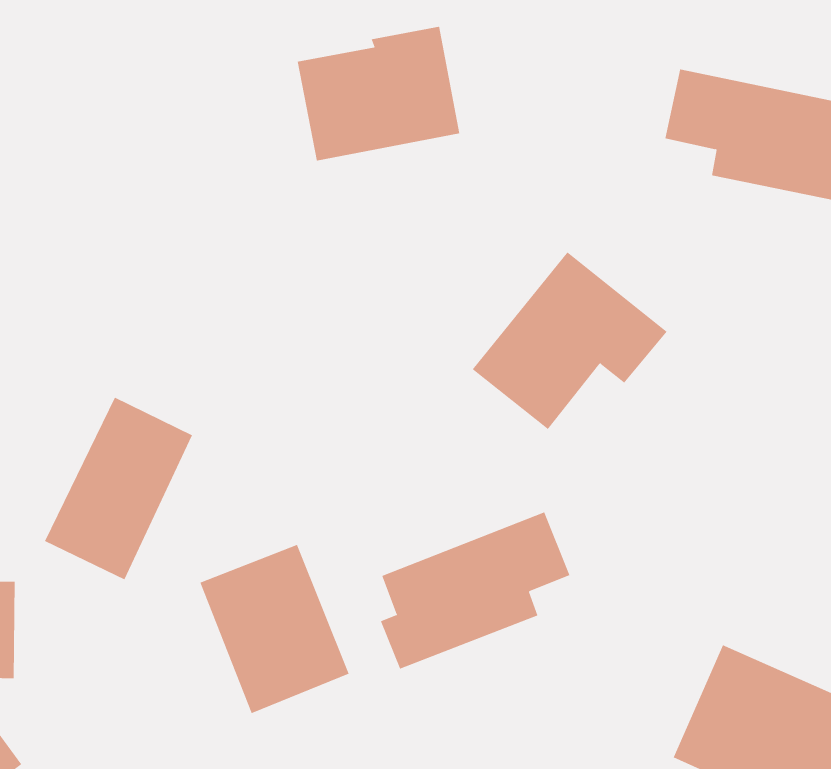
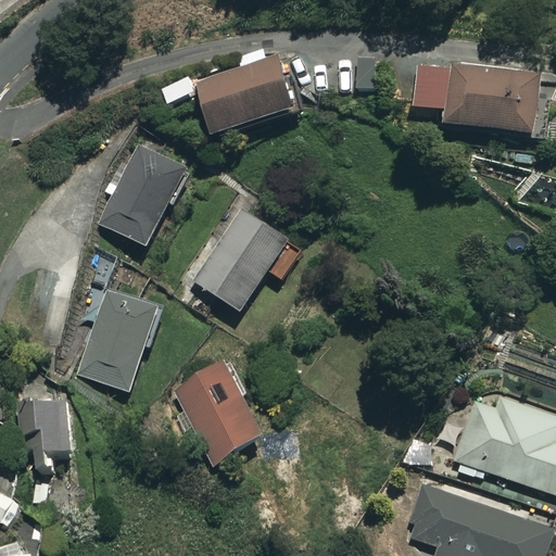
building: none -> [100,143,188,248]
building: [472,252,668,430] -> [192,206,303,311]
building: [380,512,570,670] -> none

